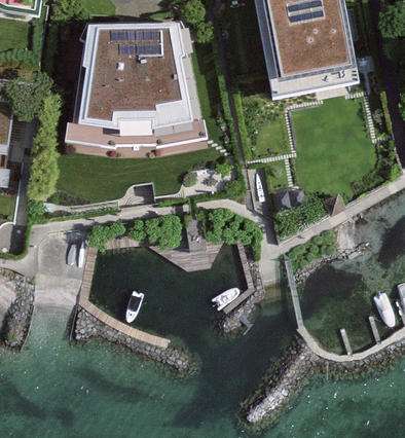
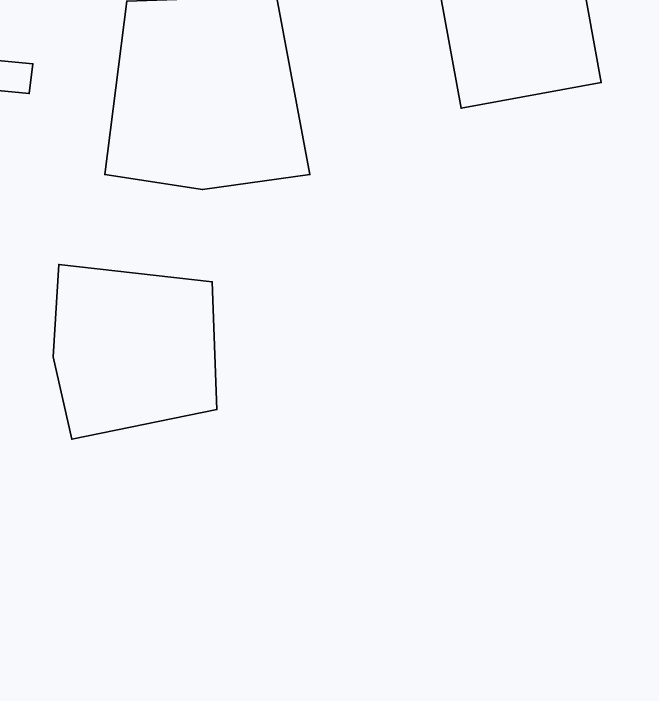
building: none -> [53,265,217,439]

